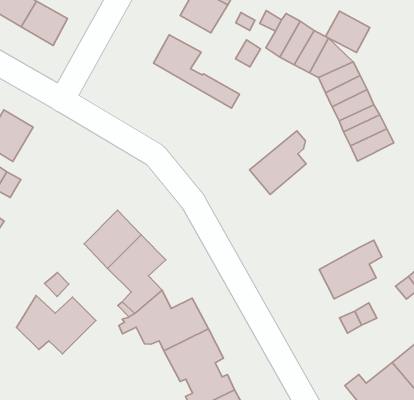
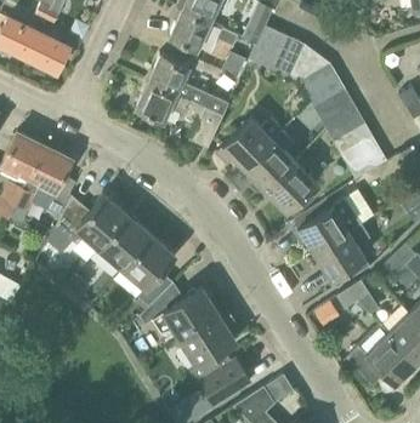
building: [325,11,370,52] -> none
building: none -> [136,80,222,147]
building: none -> [216,118,283,170]
building: none -> [28,147,72,193]
building: none -> [340,135,386,178]
building: none -> [263,160,316,213]
building: none -> [296,199,361,255]
building: [16,296,96,354] -> [55,196,126,248]

